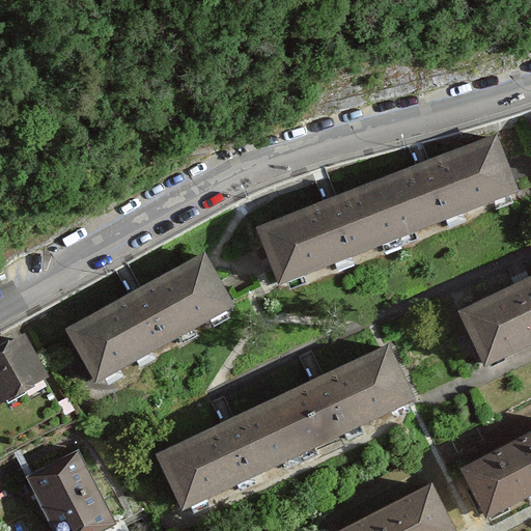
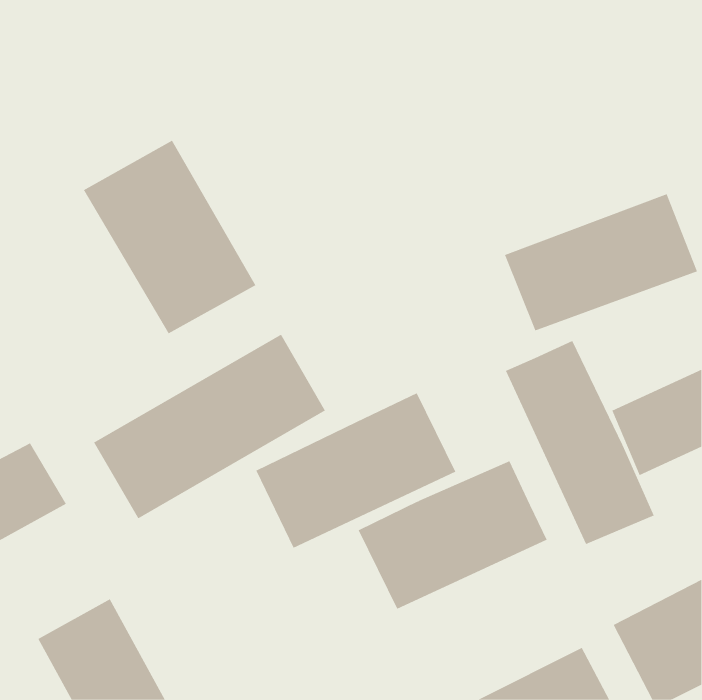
building: none -> [83,140,256,334]
building: [253,190,398,291] -> none
building: none -> [505,340,655,545]
building: [146,395,296,511] -> [256,393,456,548]

